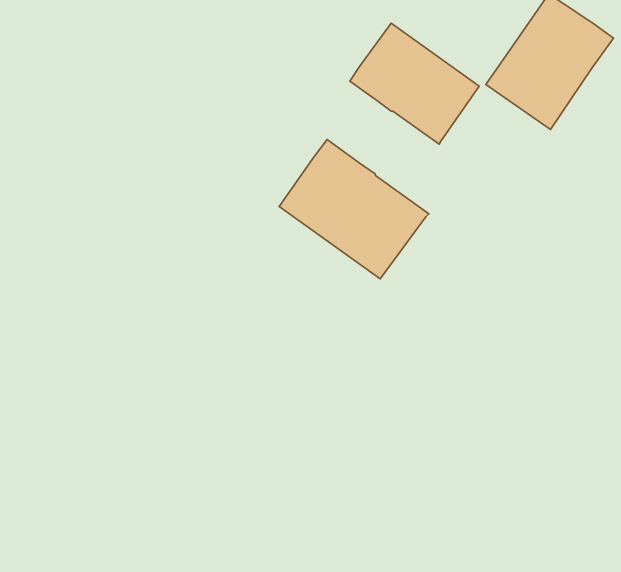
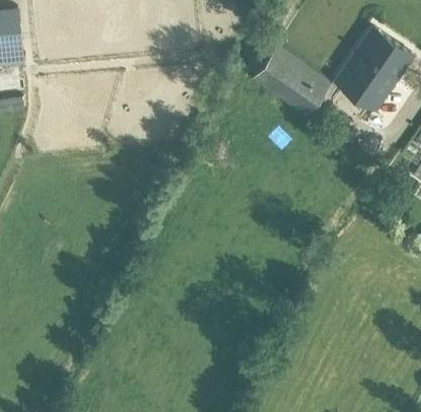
building: [279,140,429,279] -> none

